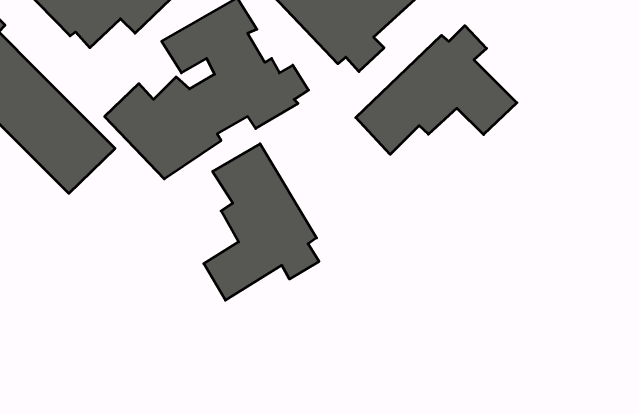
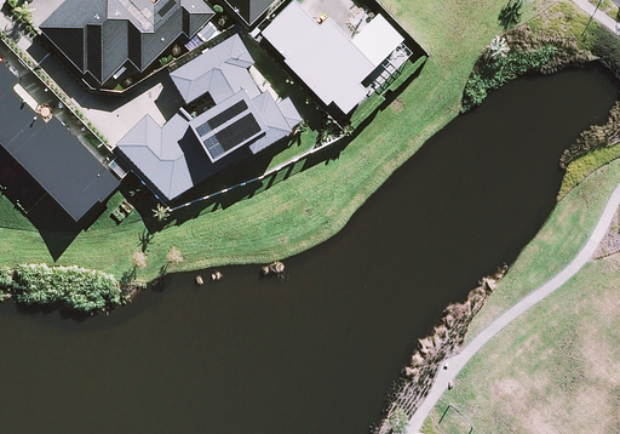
building: [356,26,517,154] -> none
building: [204,144,319,300] -> none

